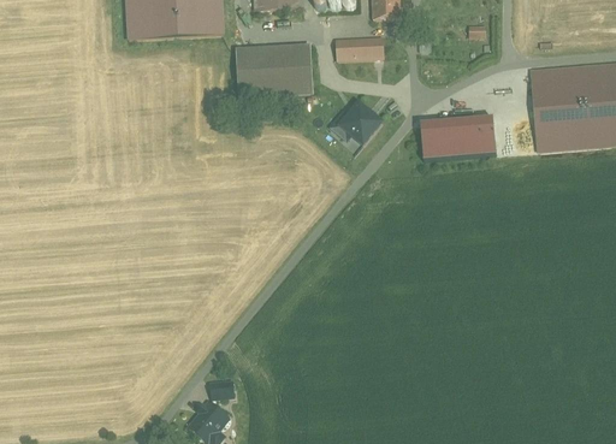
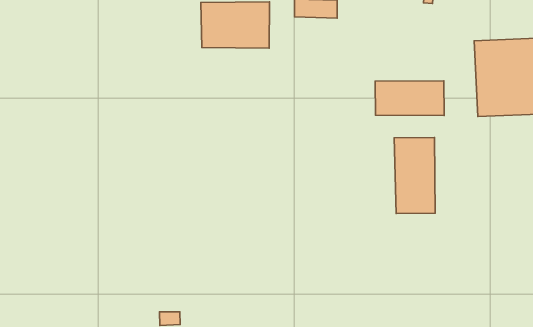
building: [340,102,381,143] -> none
building: none -> [394,138,435,213]

